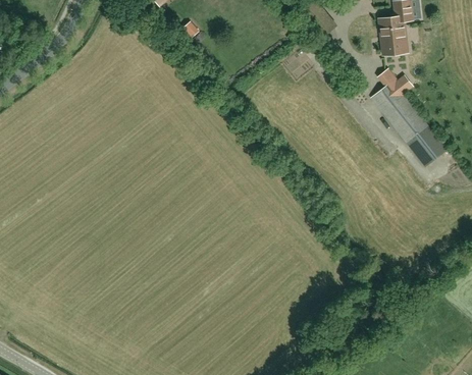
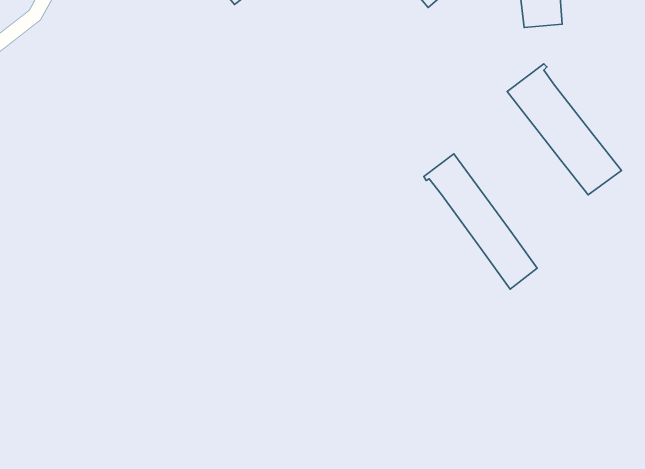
building: none -> [424,154,537,289]

